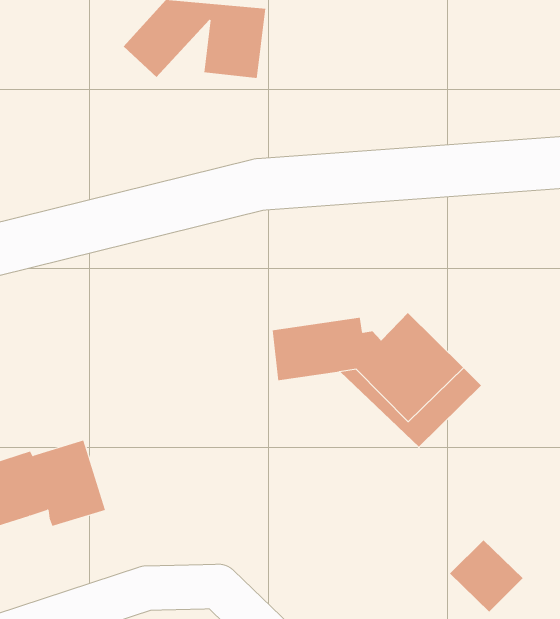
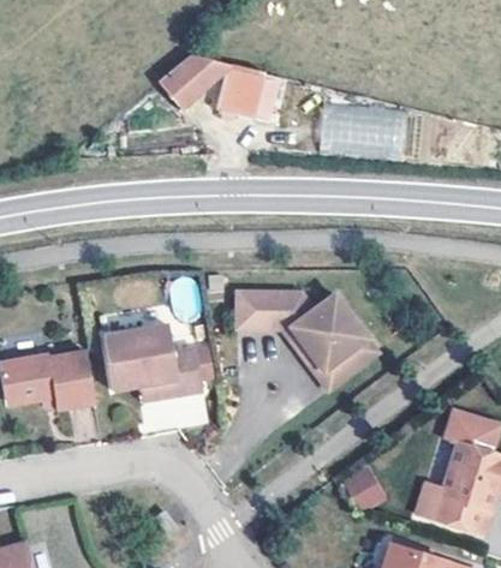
building: none -> [109,324,209,397]

